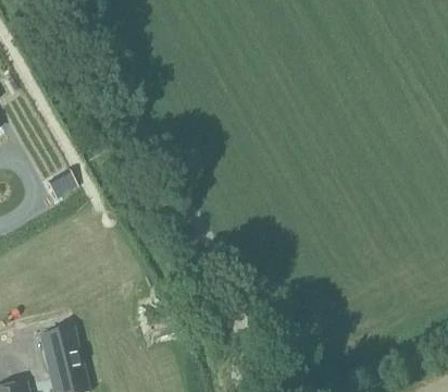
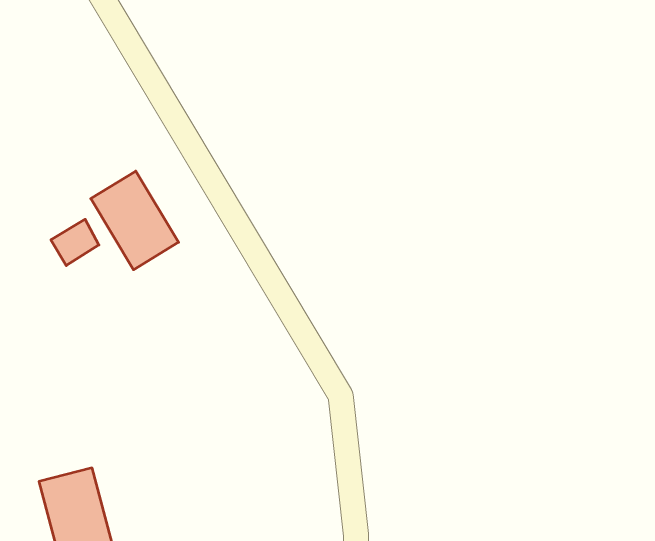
building: none -> [91,171,179,270]

